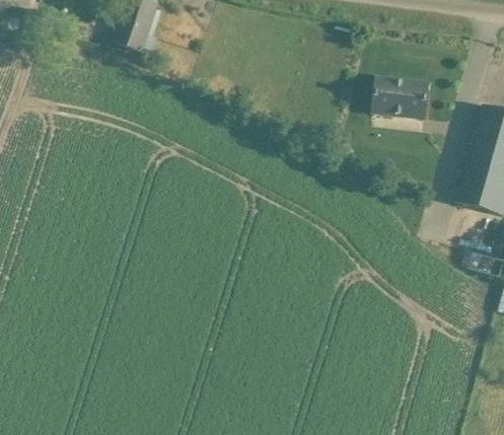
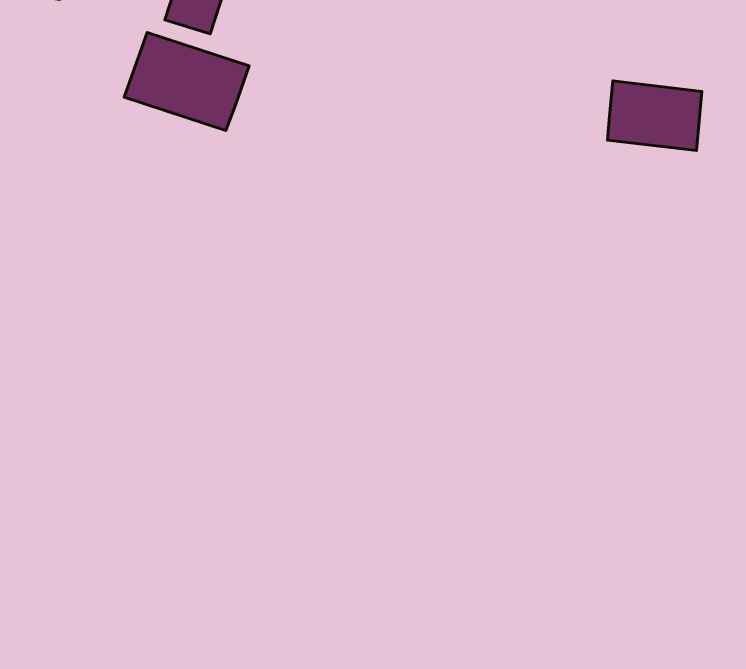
building: none -> [124,33,249,130]

